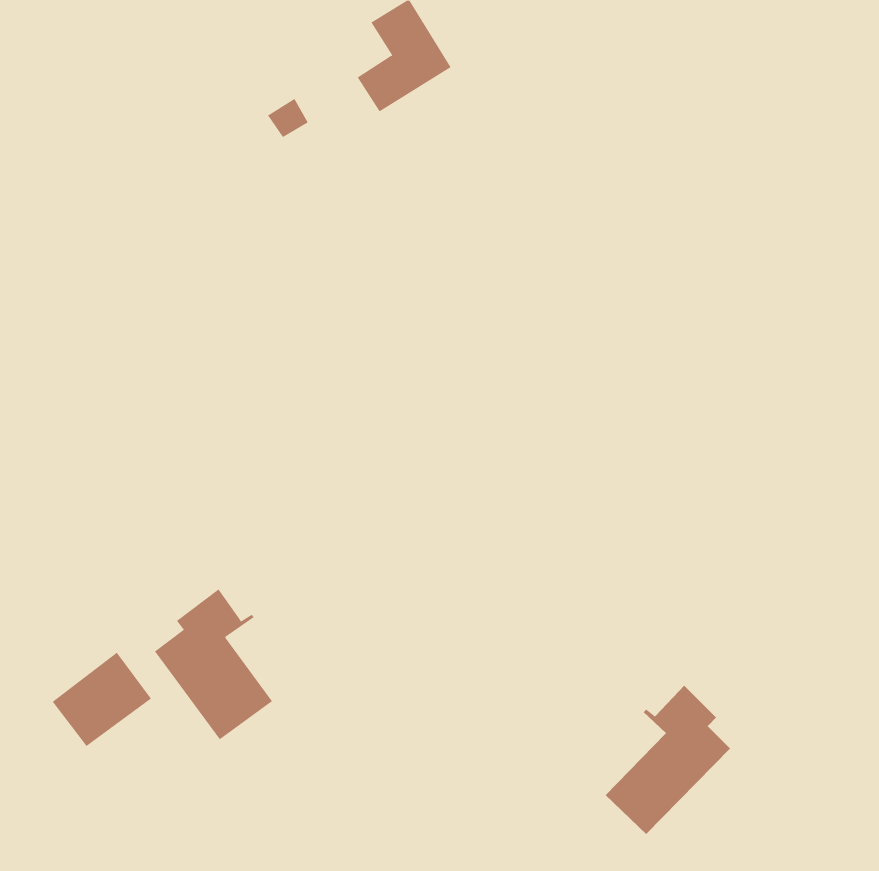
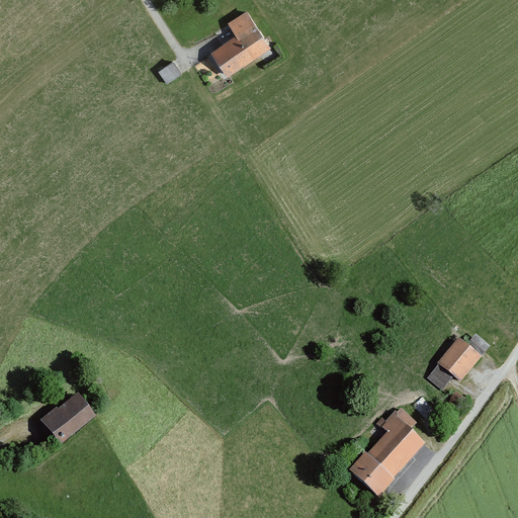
building: none -> [423,332,491,392]
building: [154,589,273,740] -> none

